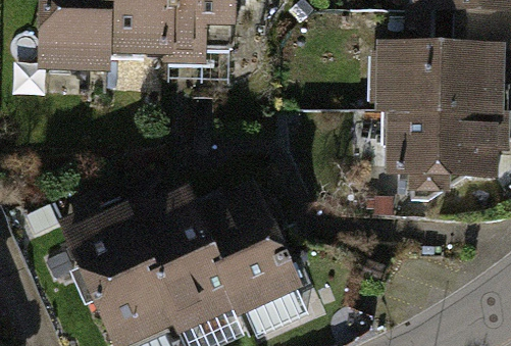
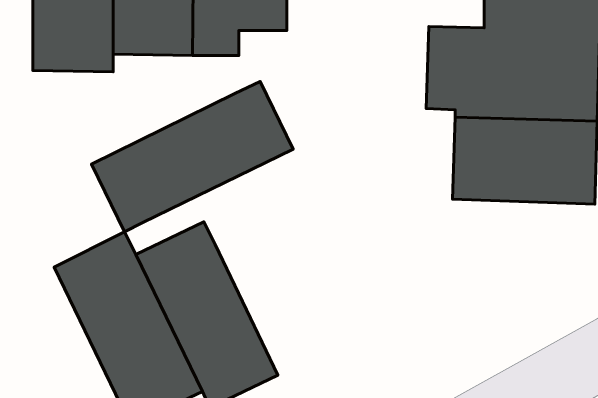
building: none -> [91,82,293,232]
building: [192,183,307,322] -> none

